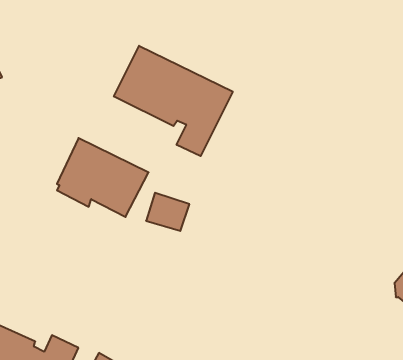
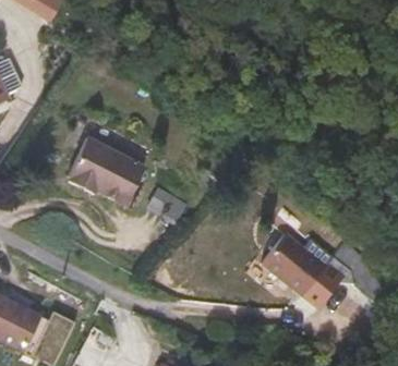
building: [114,46,233,156] -> none
building: none -> [270,229,347,297]

